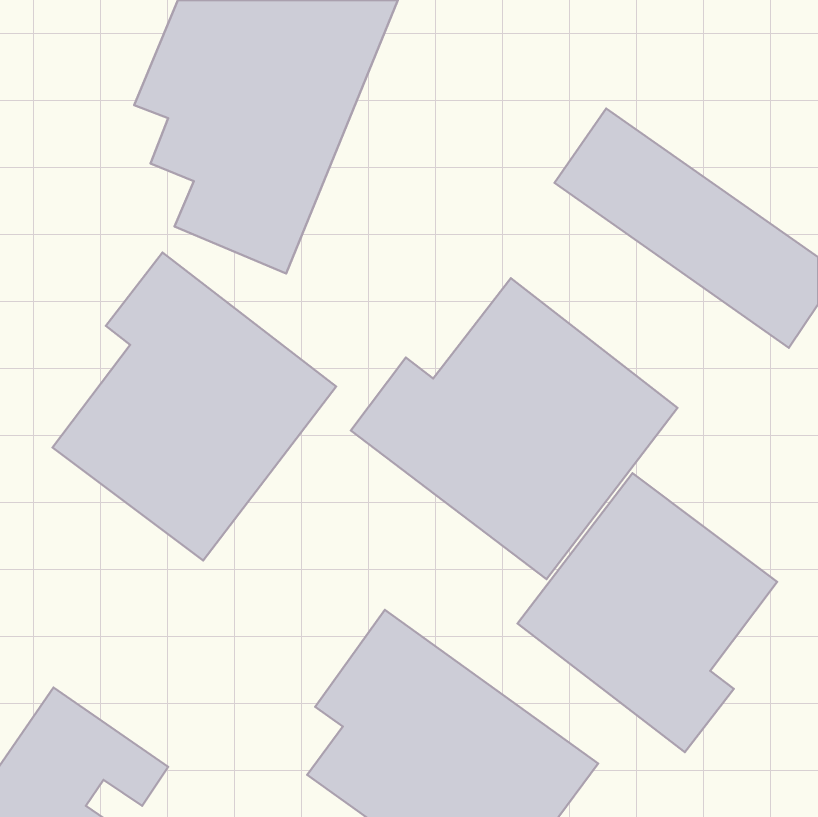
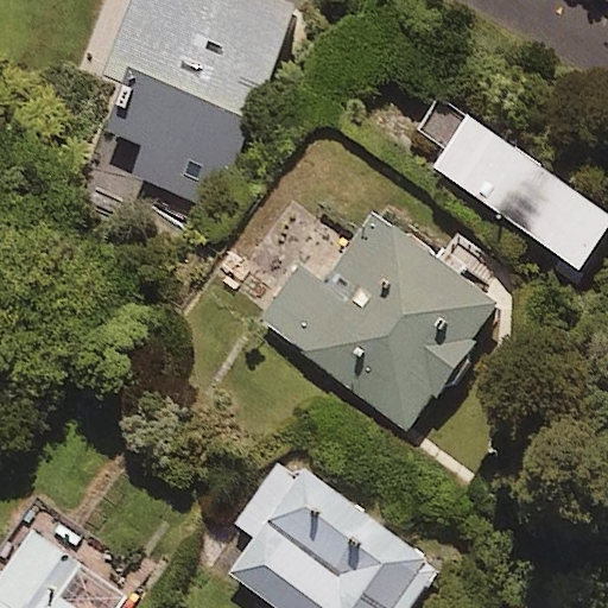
building: [53,253,336,561] -> none
building: [518,473,777,752] -> none

